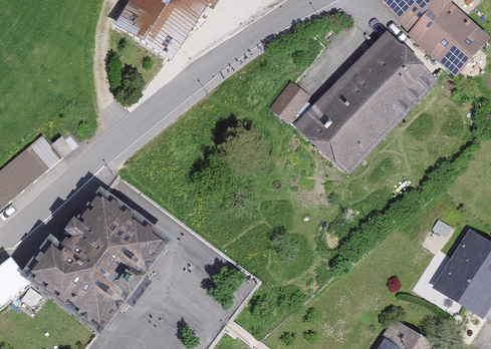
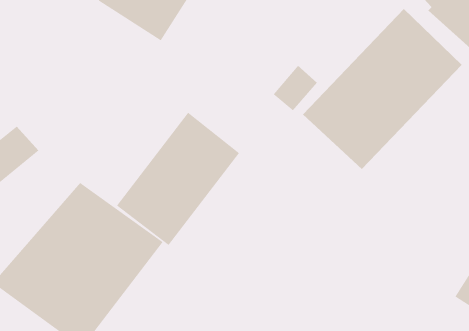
building: none -> [116,112,240,246]

